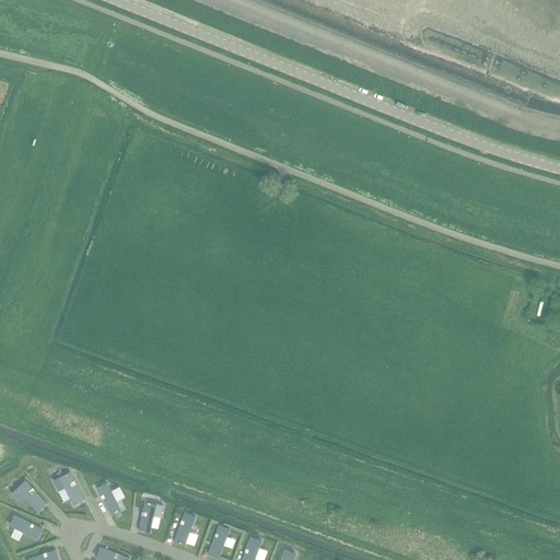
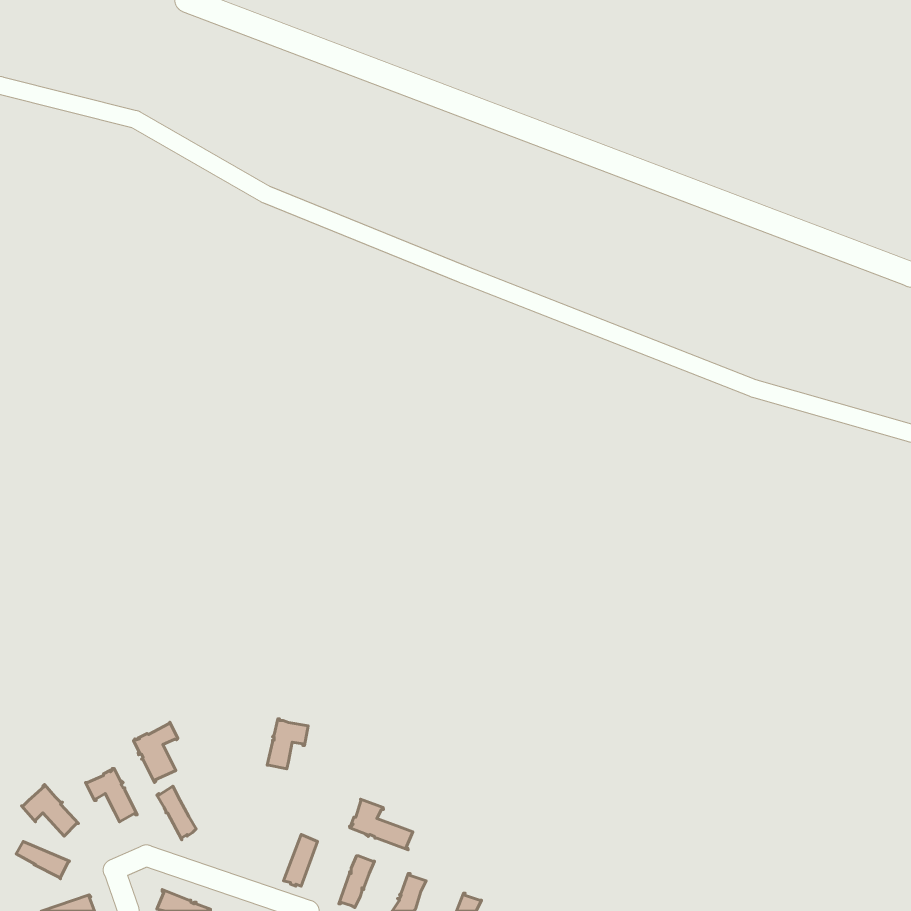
building: none -> [133,722,178,783]
building: none -> [349,799,413,850]
building: [138,501,163,532] -> [267,719,308,769]

